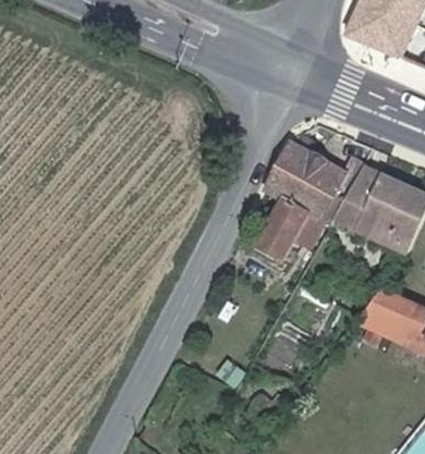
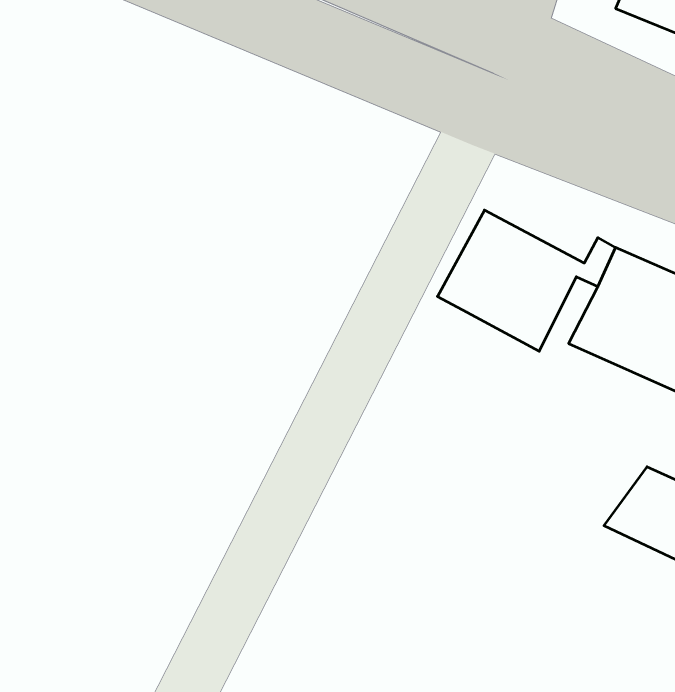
building: [254,201,302,258] -> none

